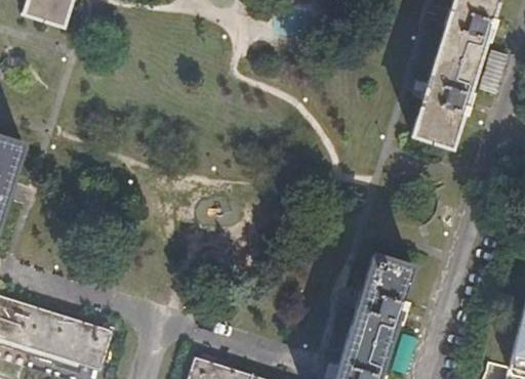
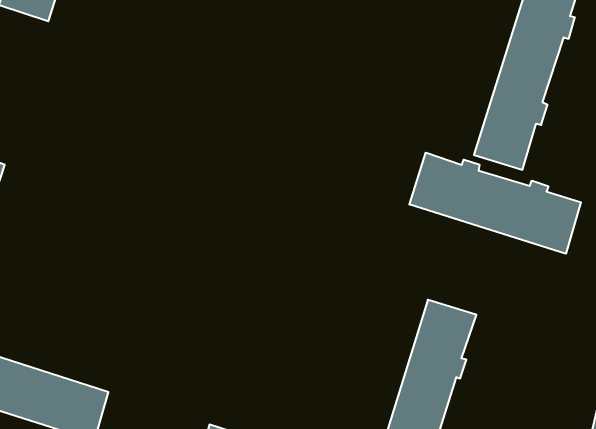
building: none -> [409,153,581,254]

